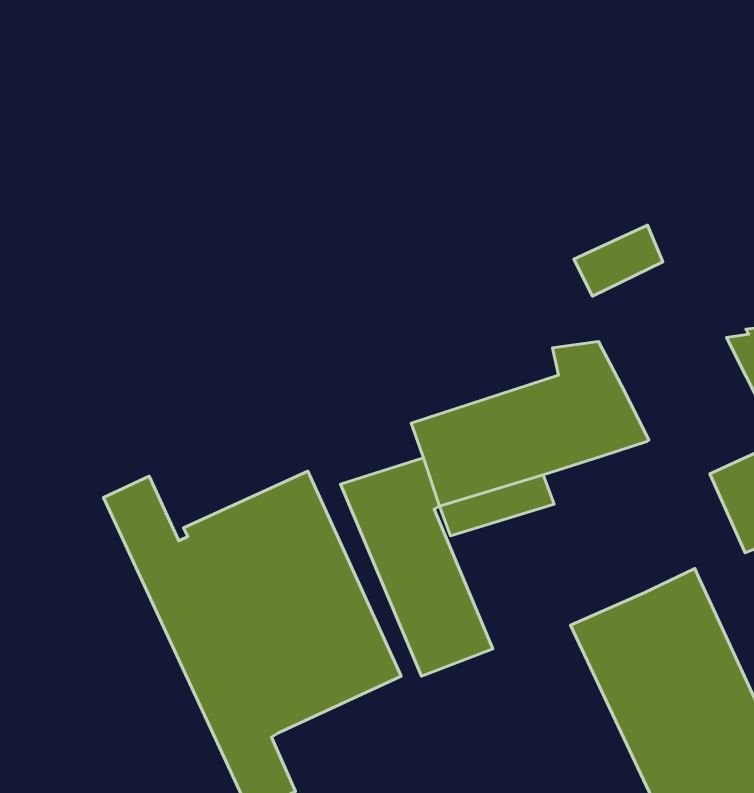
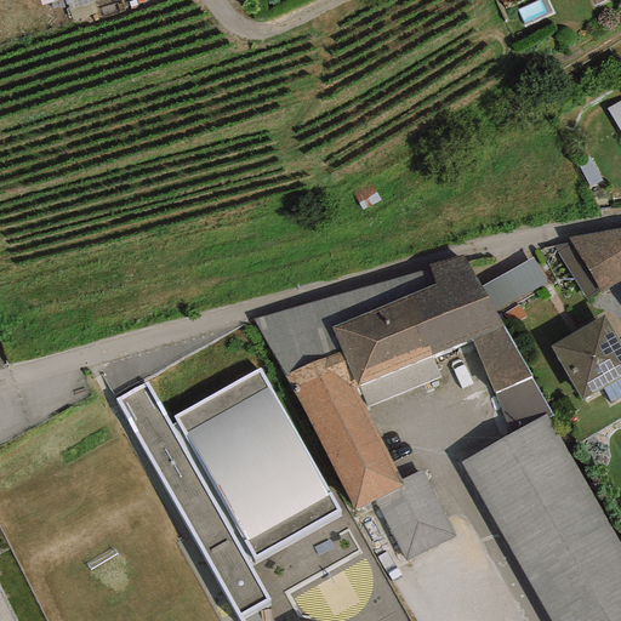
building: [574,225,663,296] -> [482,257,546,312]
building: none -> [472,325,553,434]
building: none -> [375,492,455,566]

